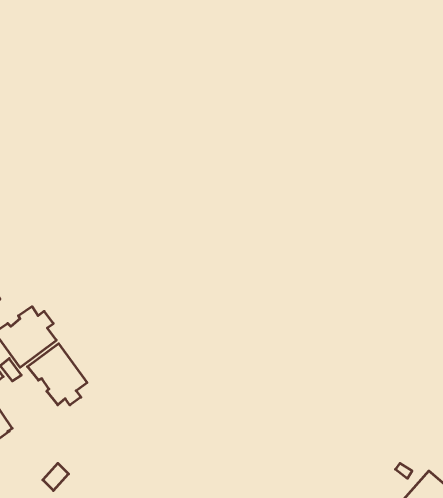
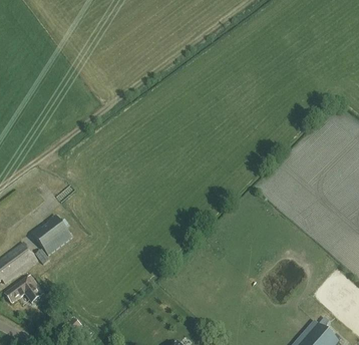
building: [27,344,87,405] -> none

